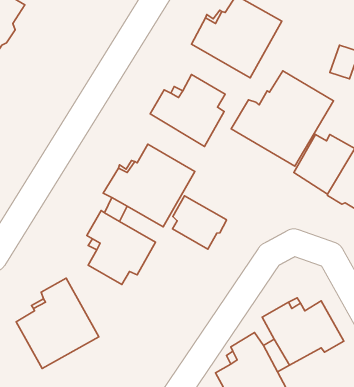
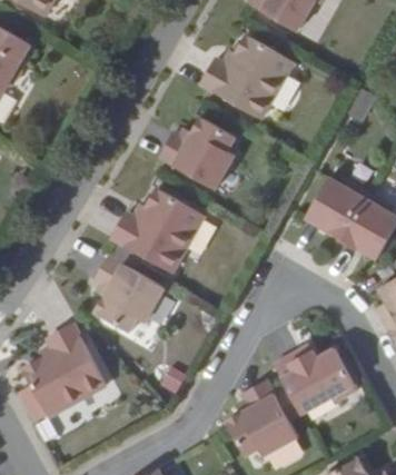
building: [231,71,334,166] -> none
building: [172,196,227,249] -> none

